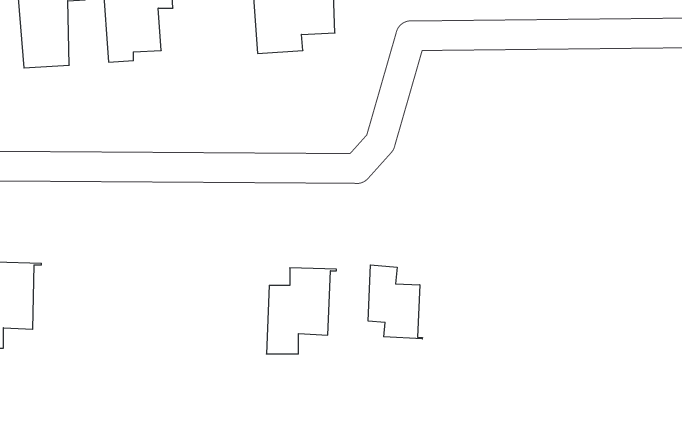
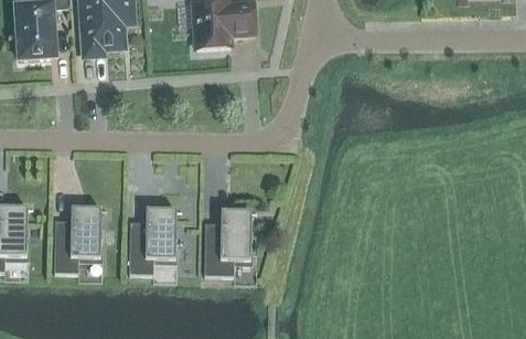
building: none -> [54,206,107,273]
building: [368,265,422,339] -> none
building: none -> [129,209,182,274]

